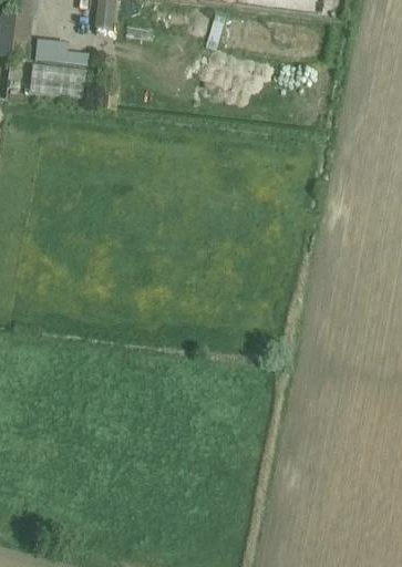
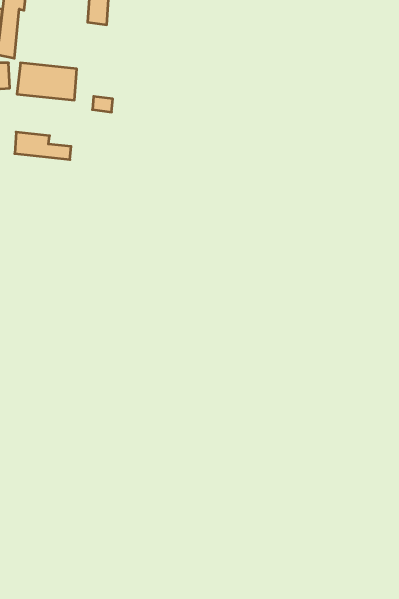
building: [34,38,86,63] -> [15,132,71,160]

